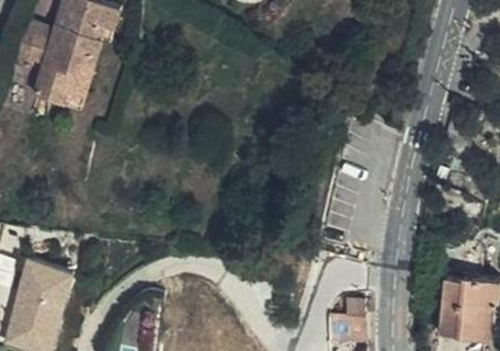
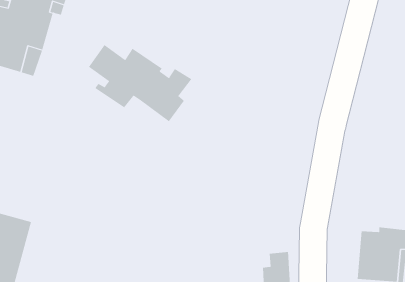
building: none -> [88,44,192,122]

